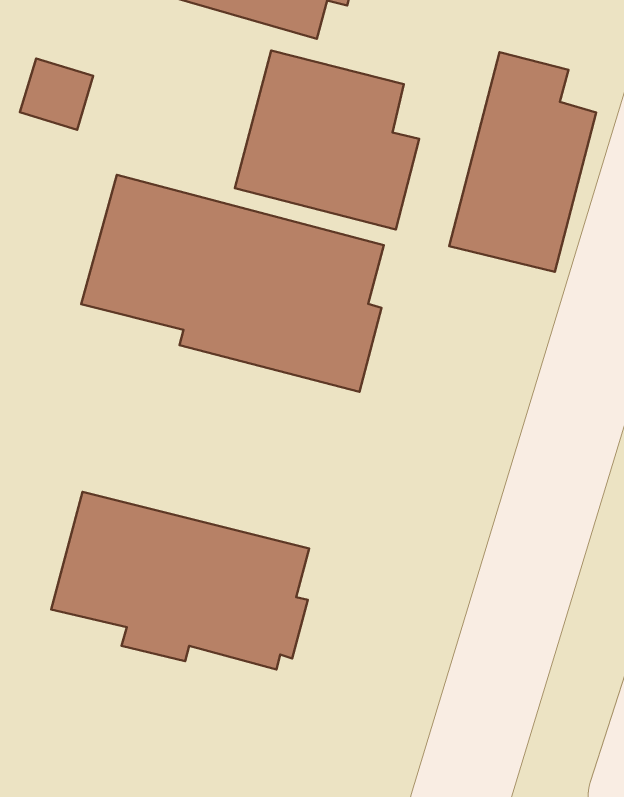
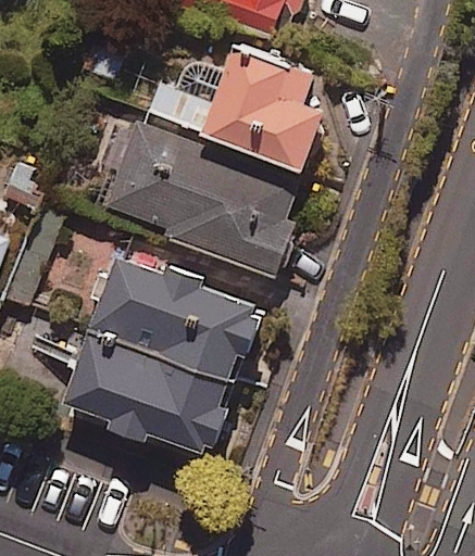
building: [449,52,596,272] -> none
building: none -> [90,253,274,376]

